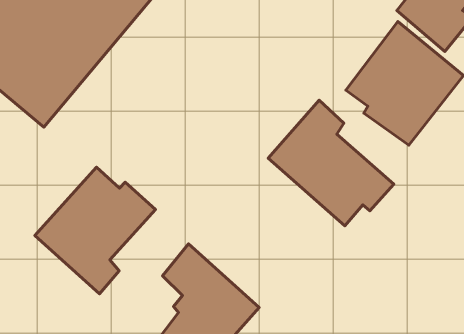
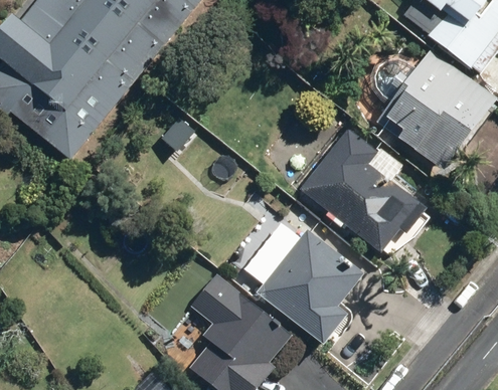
building: [35,167,155,294] -> none
building: none -> [252,227,362,347]

